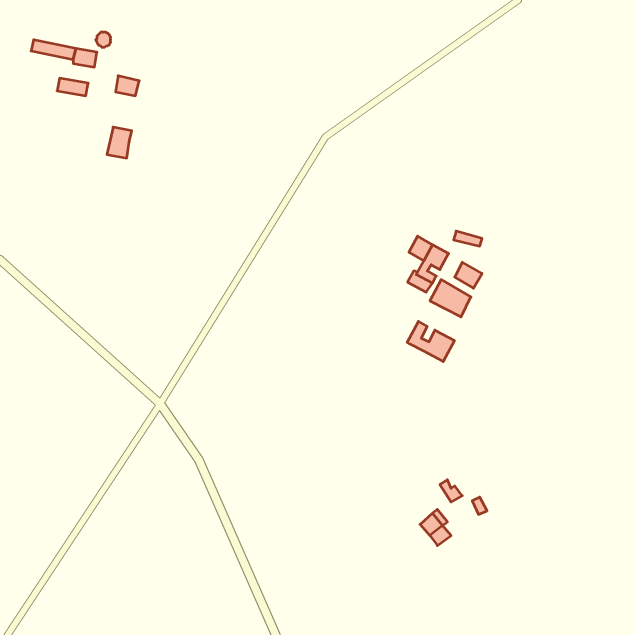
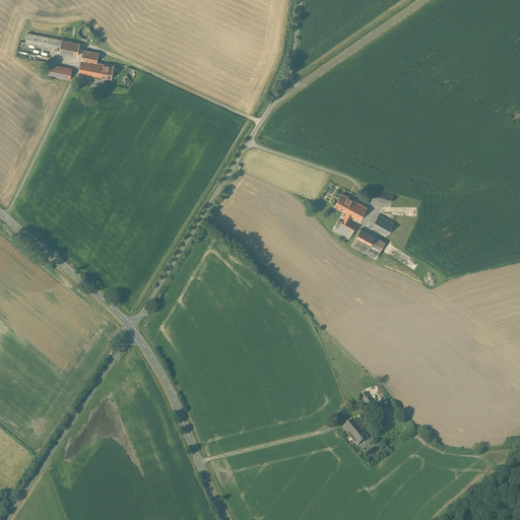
building: [107,127,132,158] -> [78,50,99,75]
building: [407,321,454,362] -> none

